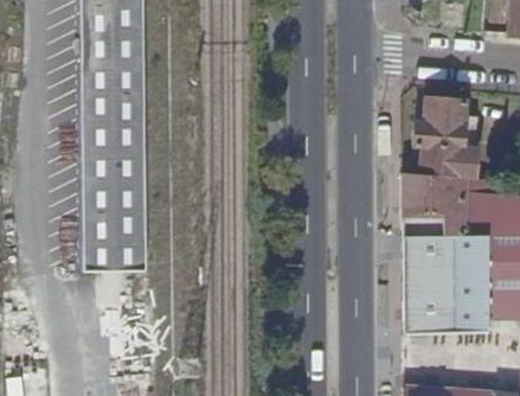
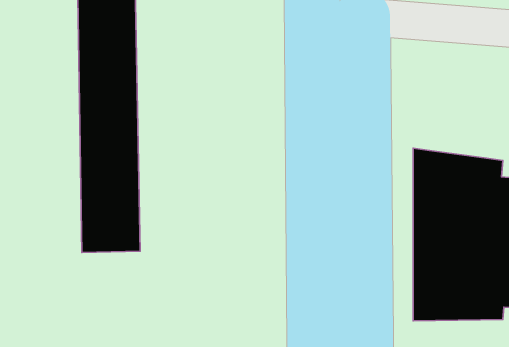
building: [415,98,481,180] -> none

